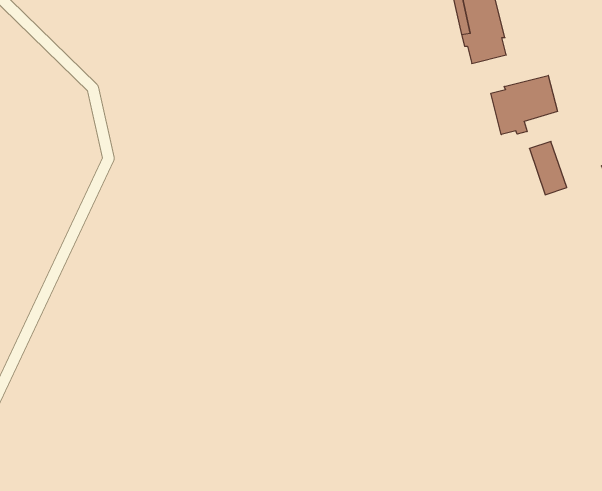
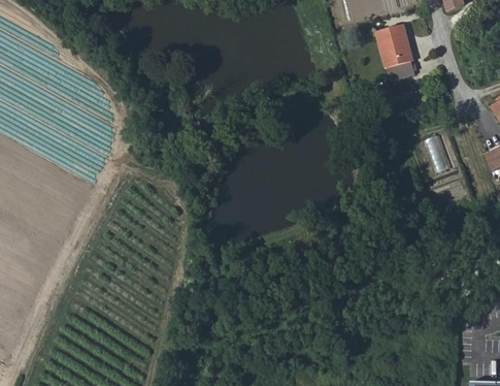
building: [491,75,558,135] -> none

